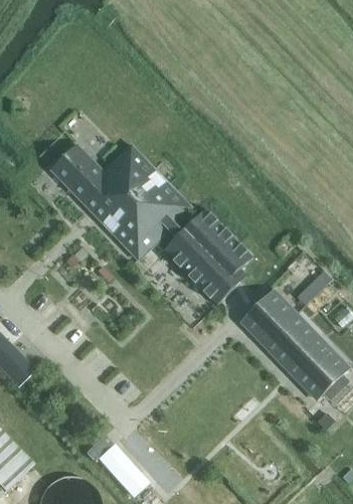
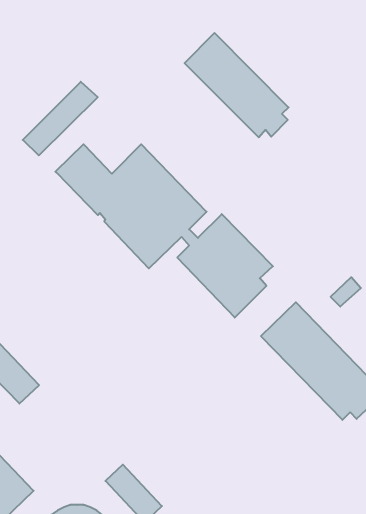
building: none -> [185,33,289,137]
building: none -> [23,82,98,155]

